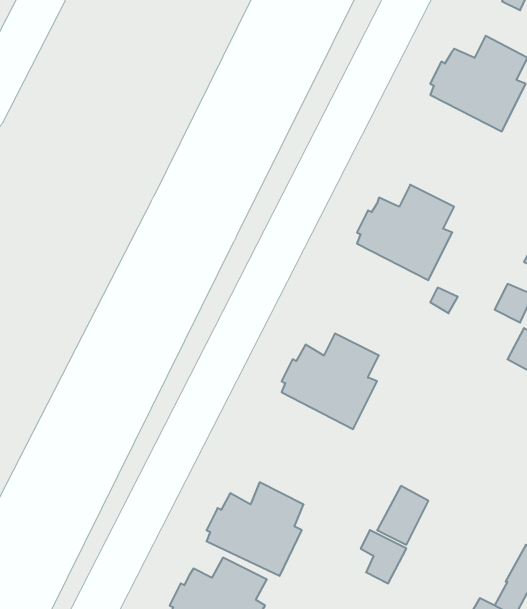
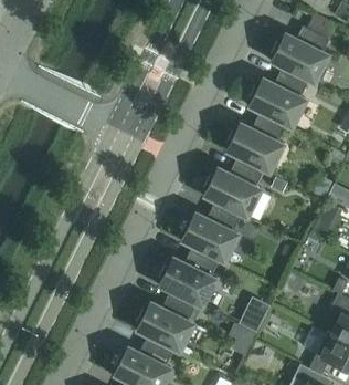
building: none -> [248,72,307,128]
building: none -> [203,162,262,218]
building: none -> [159,251,218,308]

